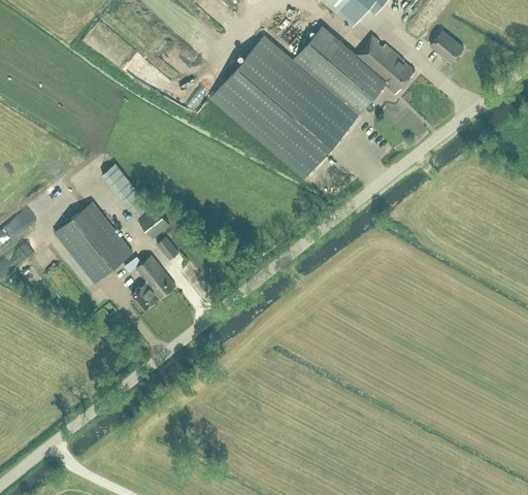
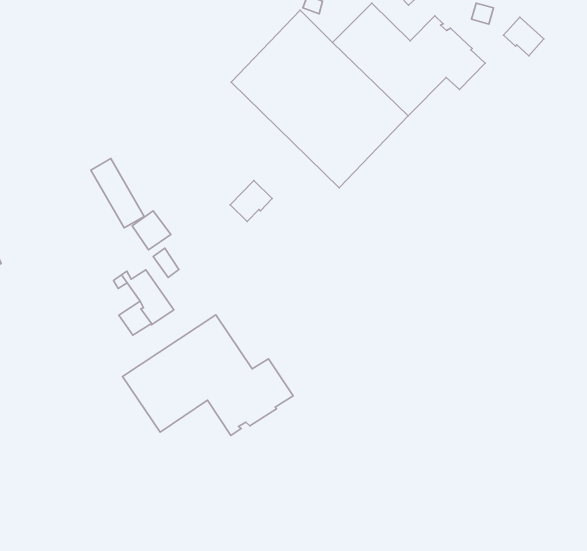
building: none -> [230,181,272,222]
building: [53,201,133,284] -> none
building: none -> [122,315,293,435]

